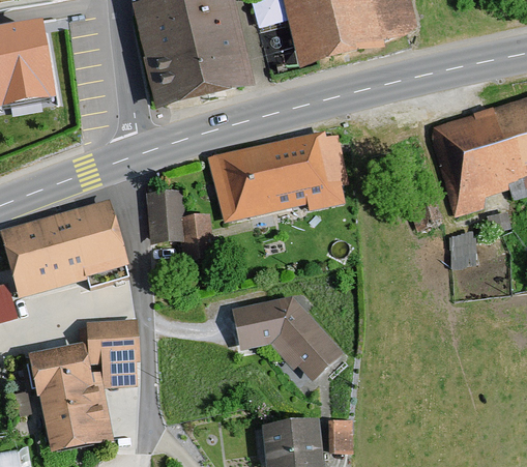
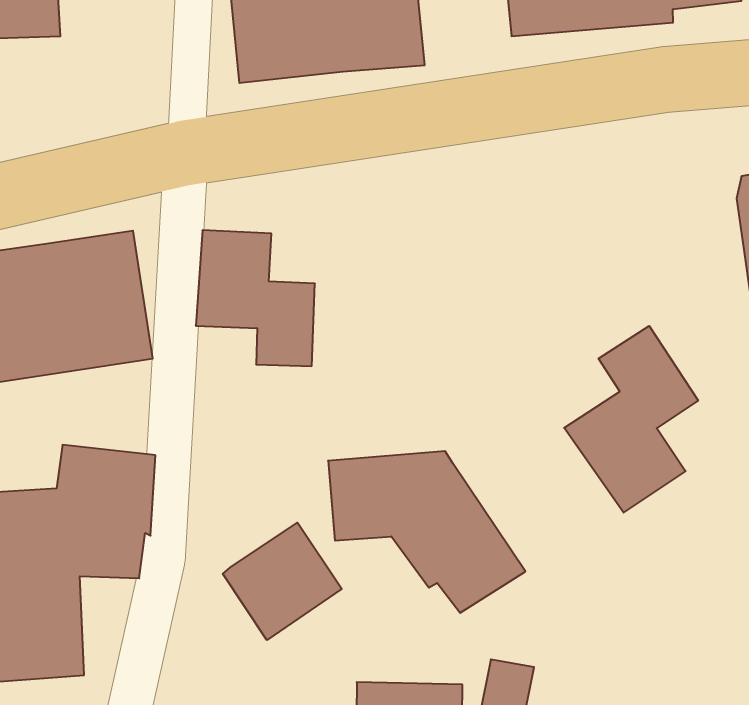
building: [208,130,349,223] -> none
building: none -> [564,326,698,513]
building: none -> [223,523,342,640]

